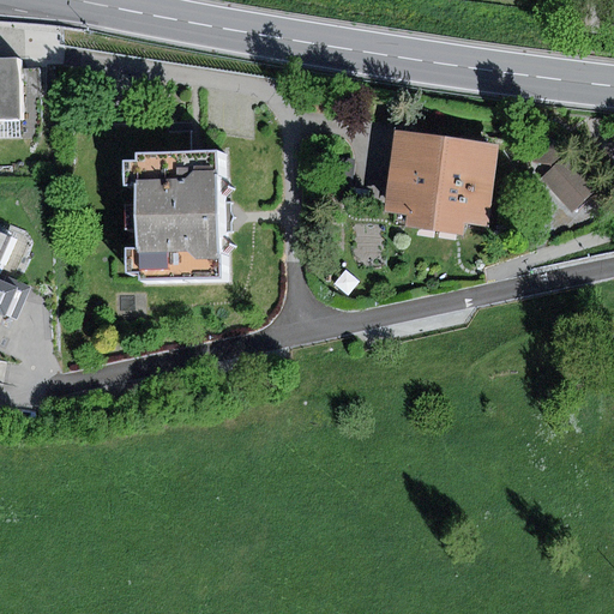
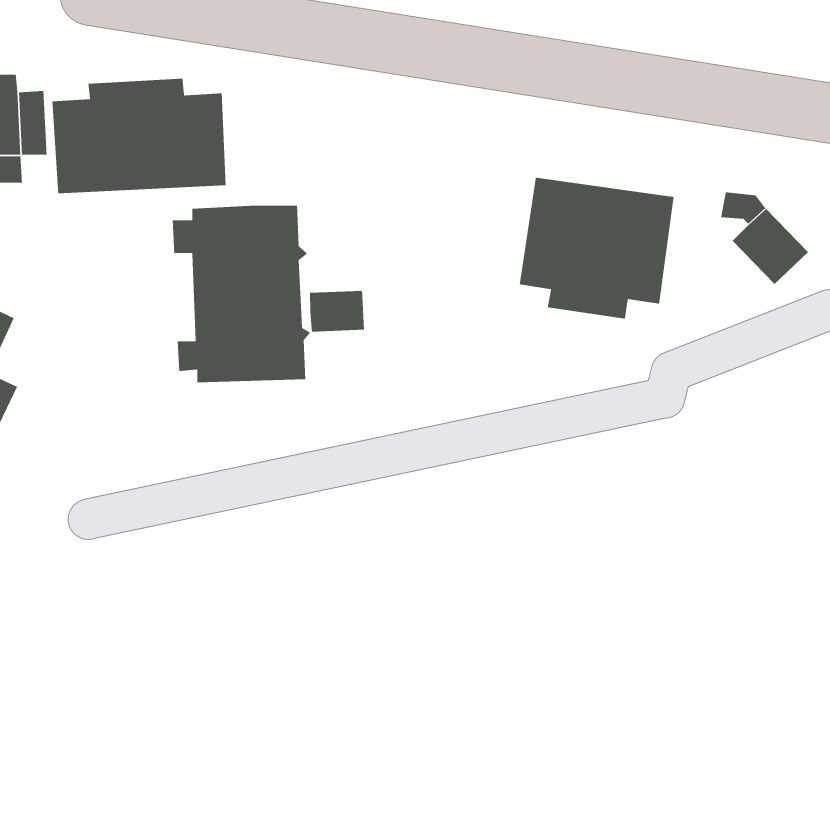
building: none -> [51,78,227,194]
building: none -> [309,290,365,332]

